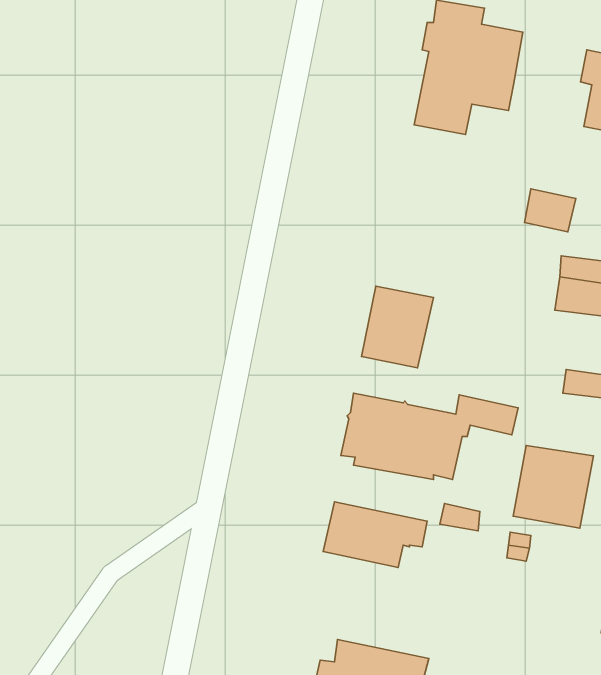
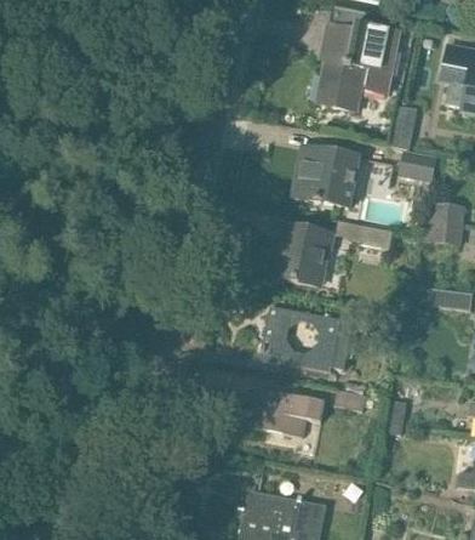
building: none -> [388,103,416,148]
building: none -> [293,144,360,211]
building: none -> [338,221,396,251]
building: [513,446,593,528] -> none

